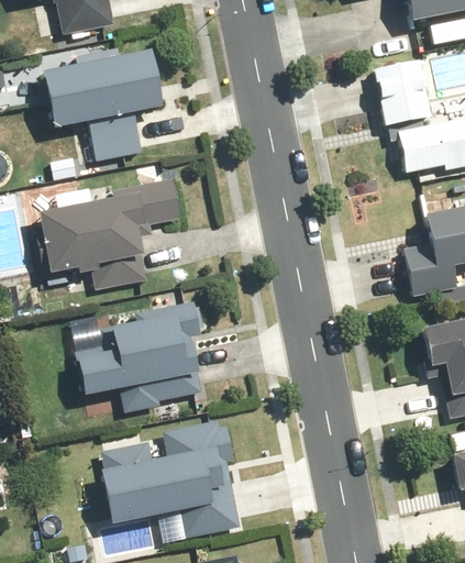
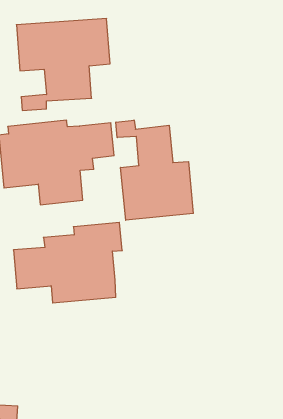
building: none -> [116,120,193,220]
building: [96,421,247,540] -> none

